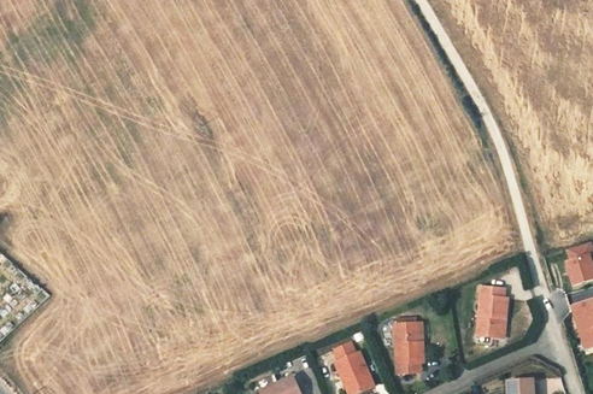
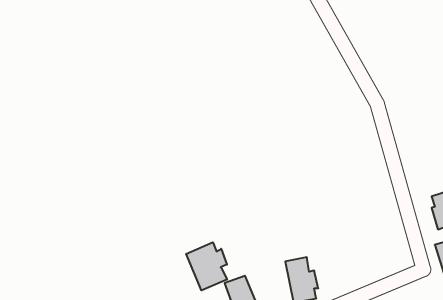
building: [481,283,509,333] -> none
building: none -> [186,242,227,290]

